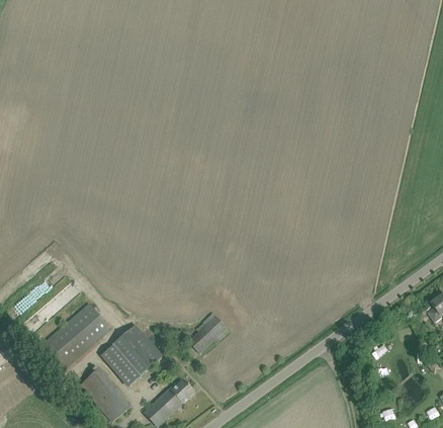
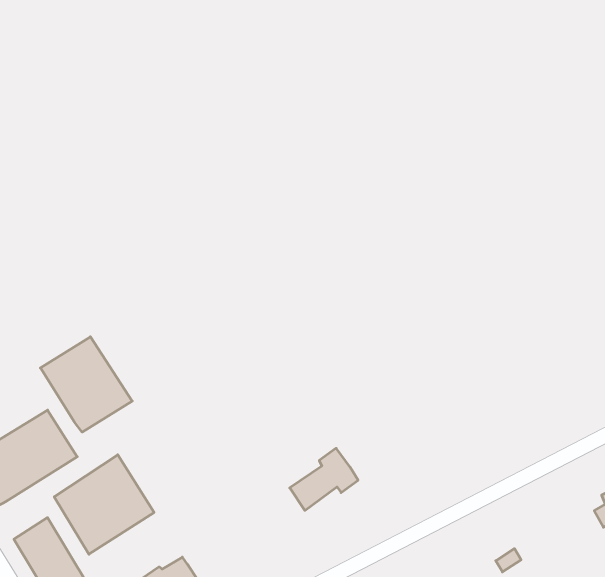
building: none -> [40,337,132,432]
building: [187,313,228,353] -> [290,448,358,510]

